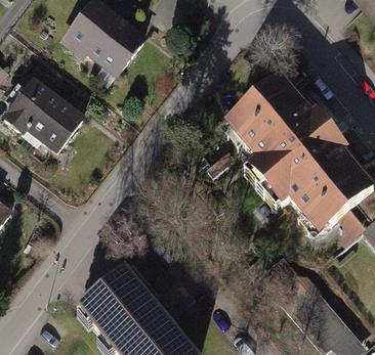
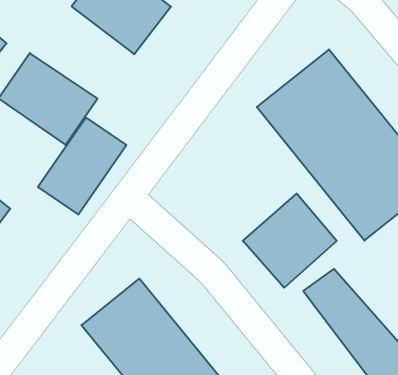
building: none -> [38,117,126,215]
building: none -> [243,194,337,288]

